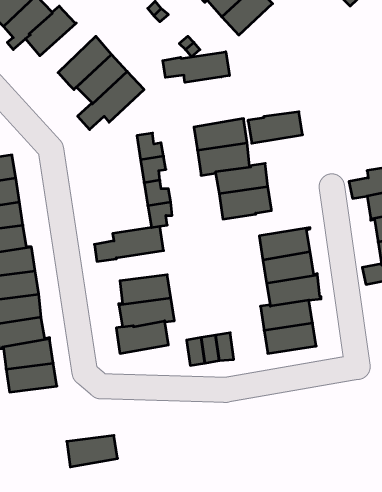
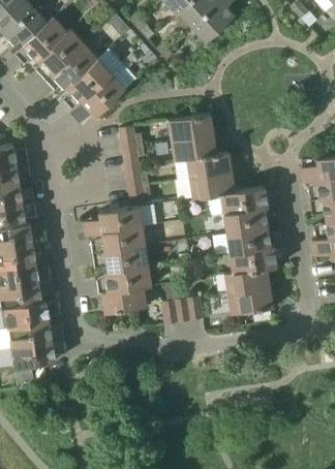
building: none -> [37,29,85,74]
building: [163,52,229,82] -> none
building: [248,112,303,143] -> [221,187,268,214]
building: none -> [102,226,146,252]
building: [67,435,118,467] -> [11,342,55,369]

